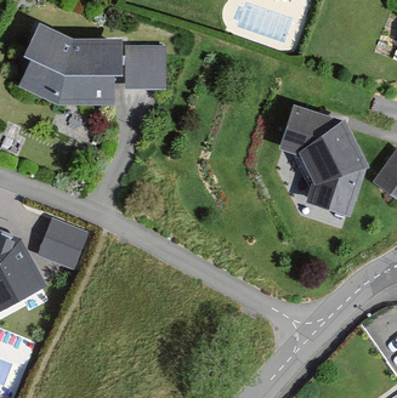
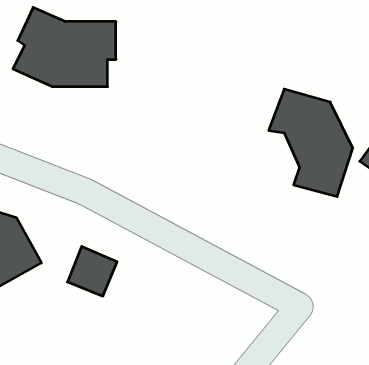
building: [125,45,168,90] -> none
building: [38,214,89,265] -> [67,246,117,296]

